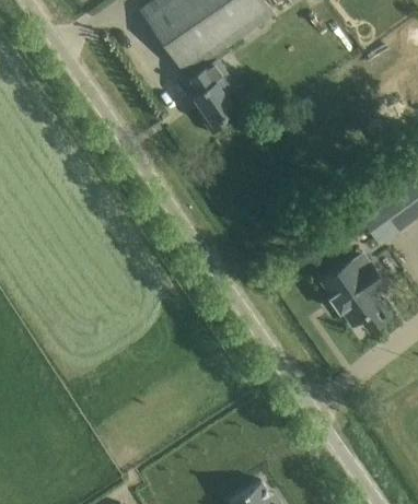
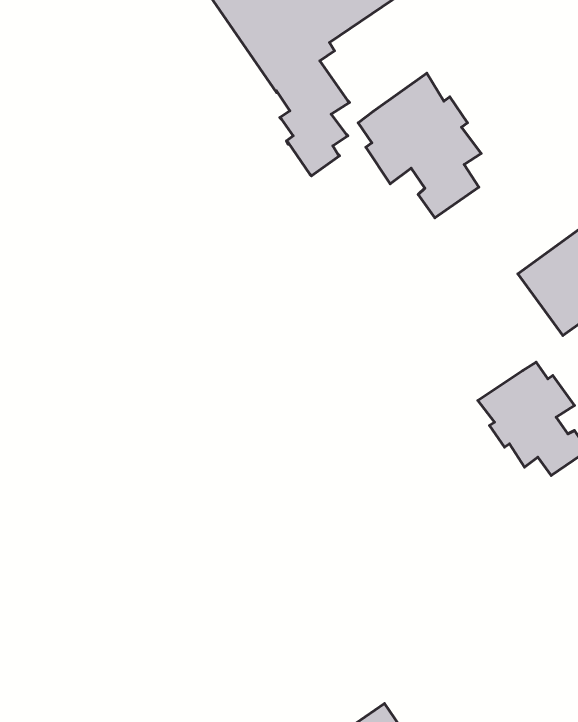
building: none -> [358,73,481,218]

